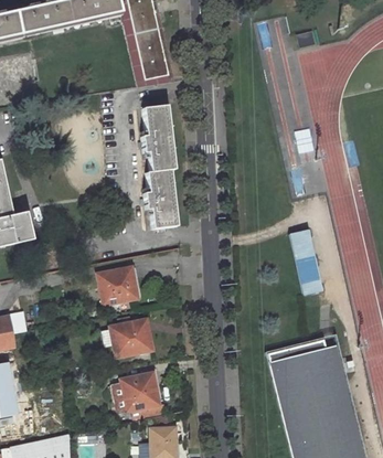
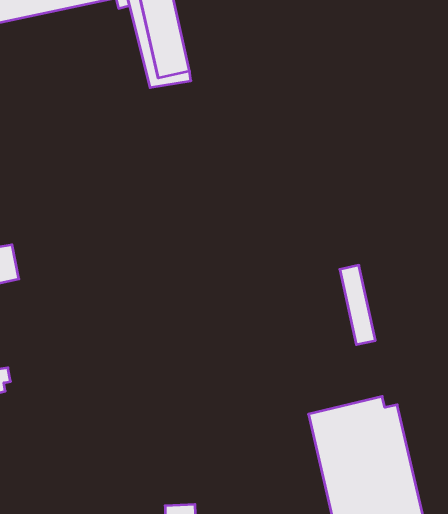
building: [142,106,179,227] -> none
building: [98,264,142,302] -> none
building: [113,318,150,354] -> none
building: [123,370,160,408] -> none

